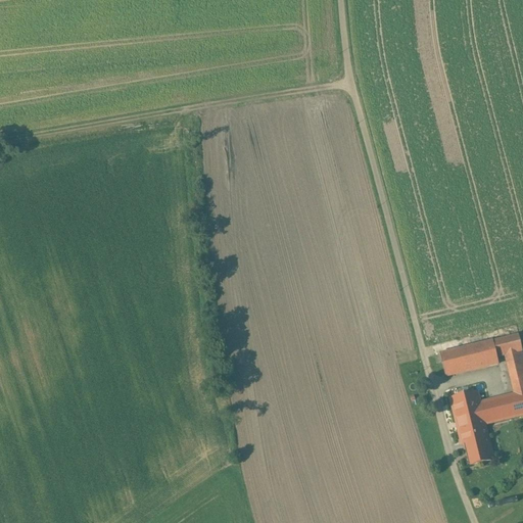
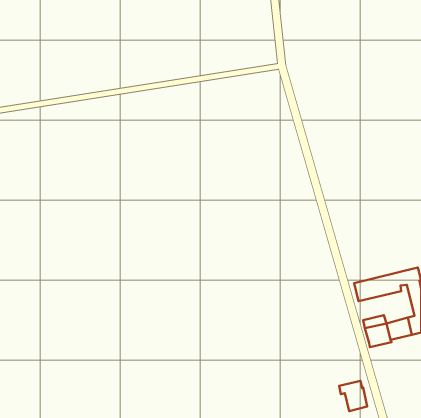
building: [459,425,493,463] -> [339,381,367,411]

